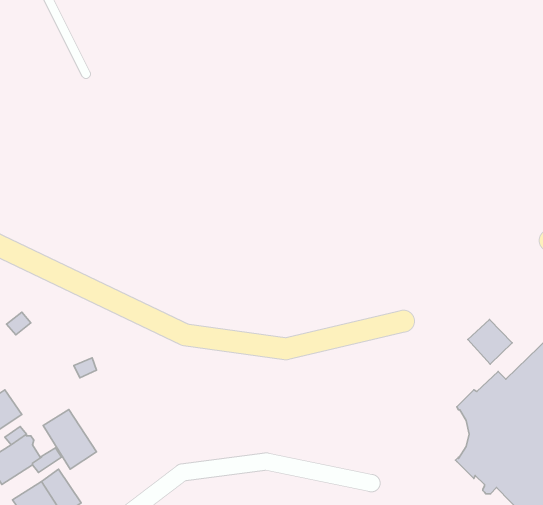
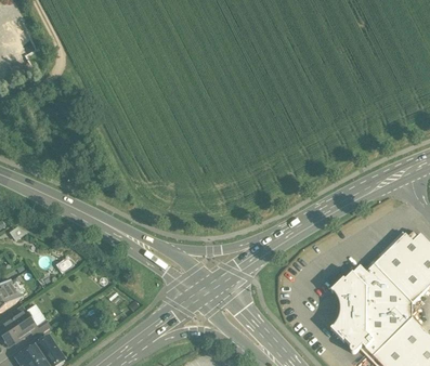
building: [468,320,512,364] -> none
building: [43,410,96,469] -> none

